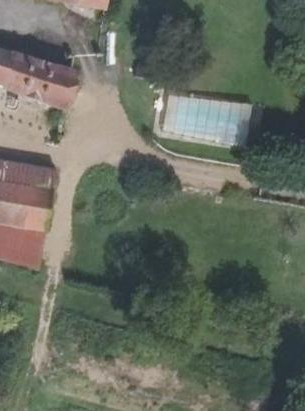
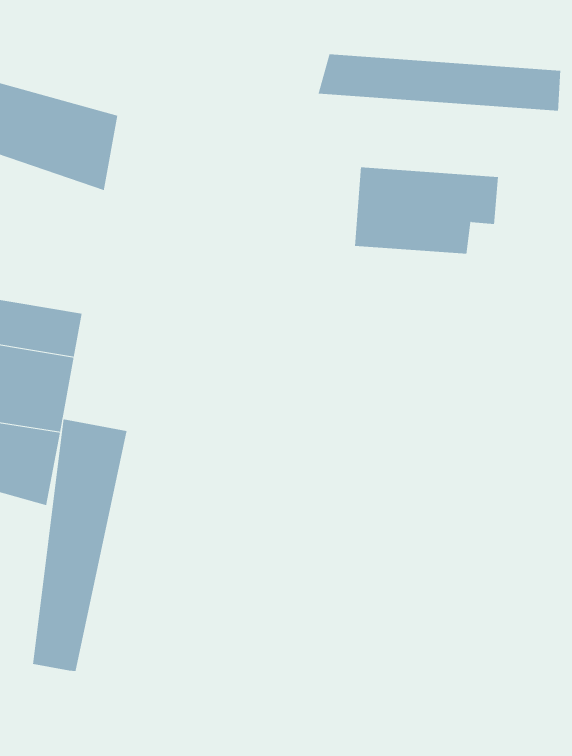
building: none -> [318,53,561,111]
building: none -> [32,419,127,672]

